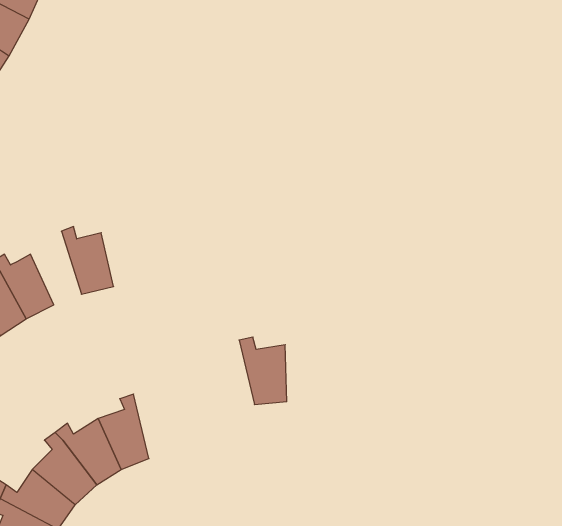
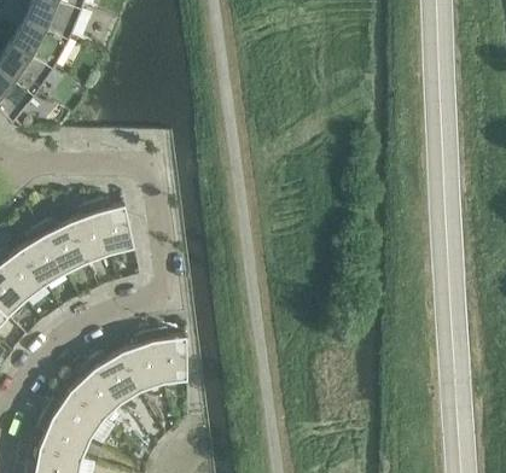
building: none -> [68,206,107,264]
building: [239,337,287,405] -> [149,332,186,385]

